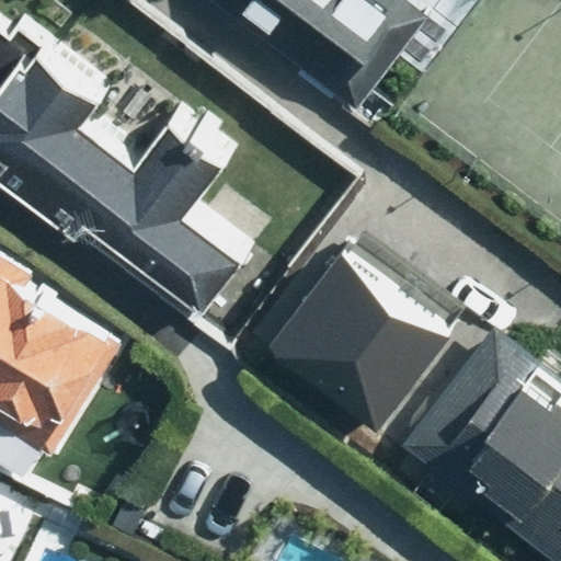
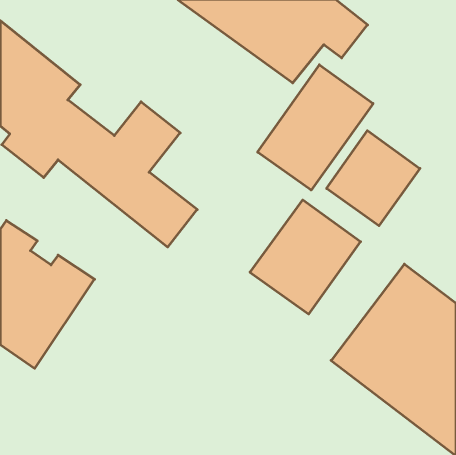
building: none -> [258,65,373,190]
building: none -> [327,131,420,226]

